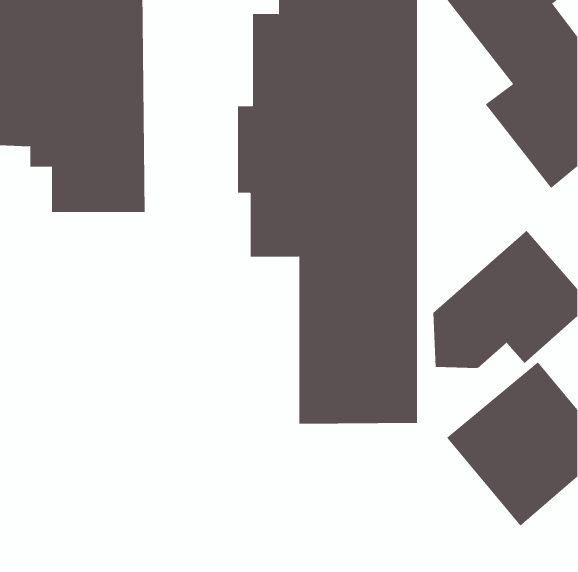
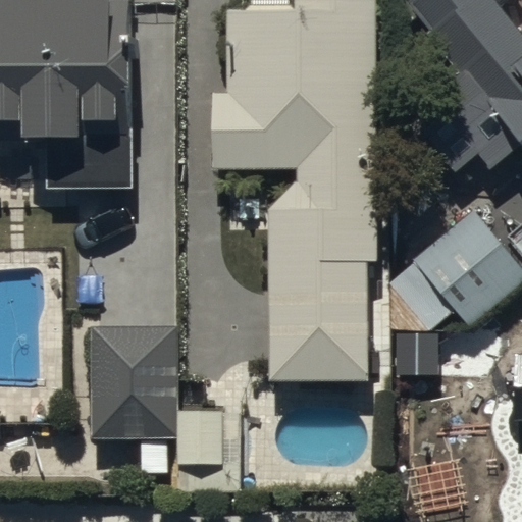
building: none -> [91,322,223,466]

